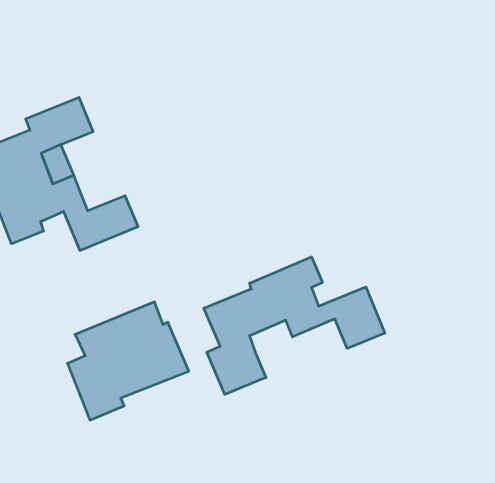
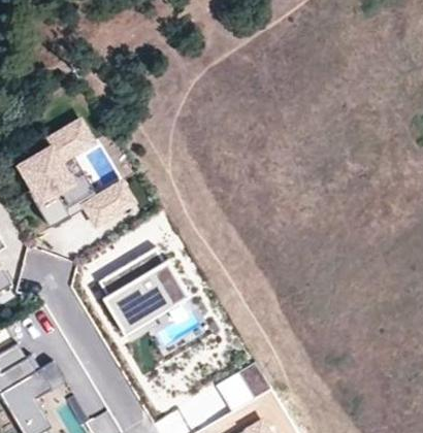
building: [204,257,385,394] -> none

